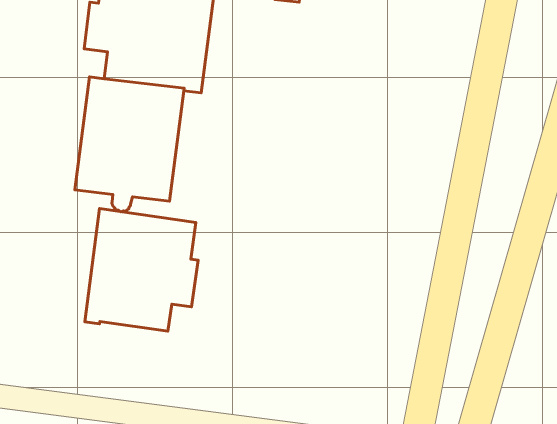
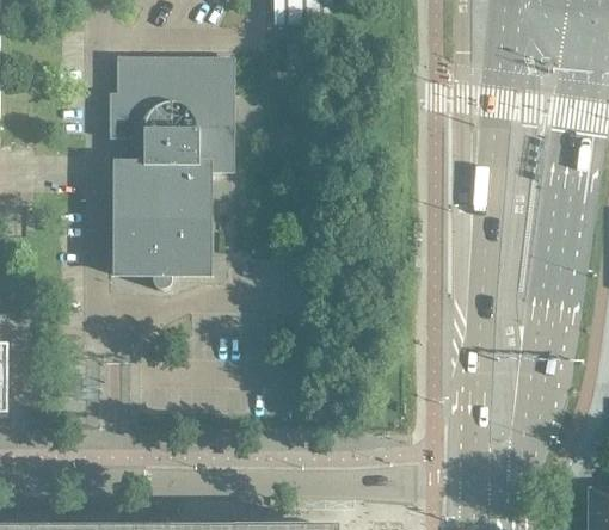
building: [85,209,198,331] -> none

